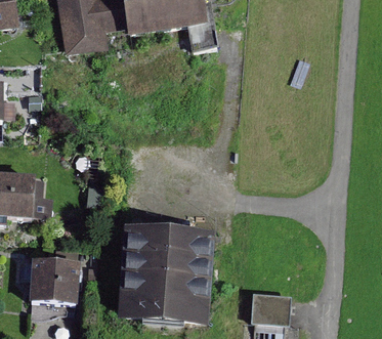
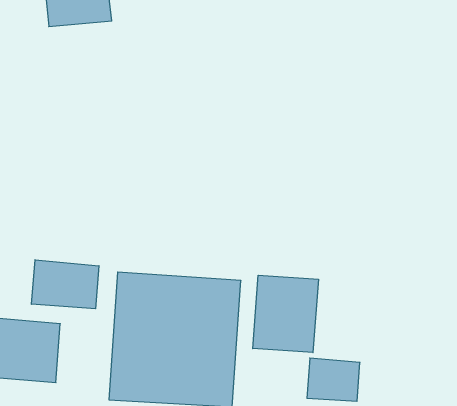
building: none -> [31,260,99,309]
building: none -> [253,275,318,353]

